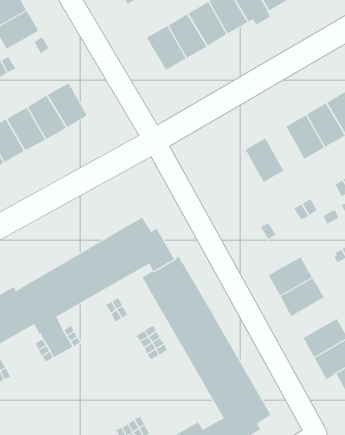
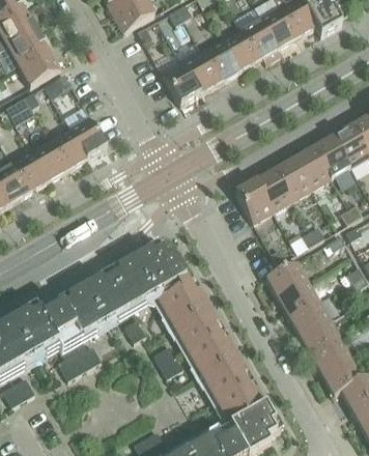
building: none -> [274,156,310,198]
building: none -> [233,178,272,221]
building: none -> [264,258,307,296]
building: none -> [297,317,341,355]

